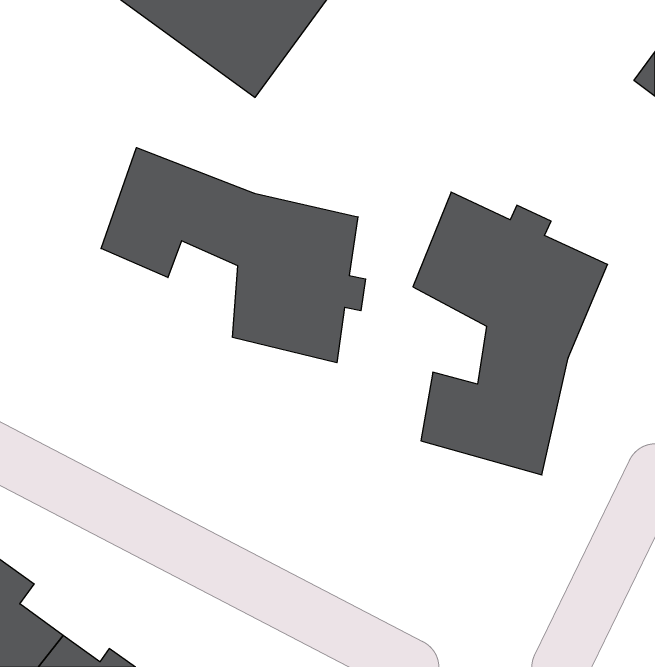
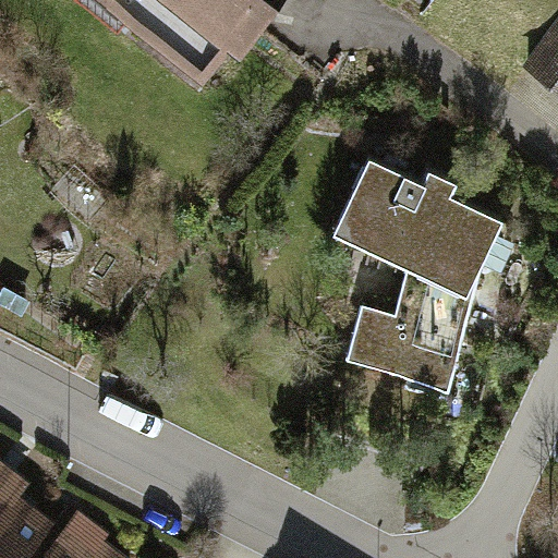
building: [101,148,366,363] -> none

